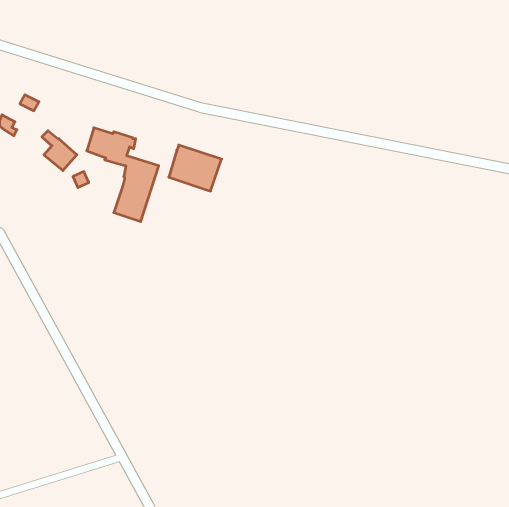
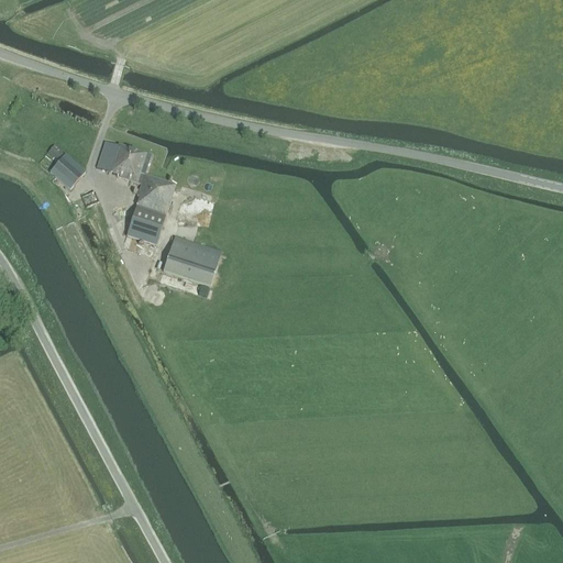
building: [169,145,222,191] -> [163,235,221,286]

